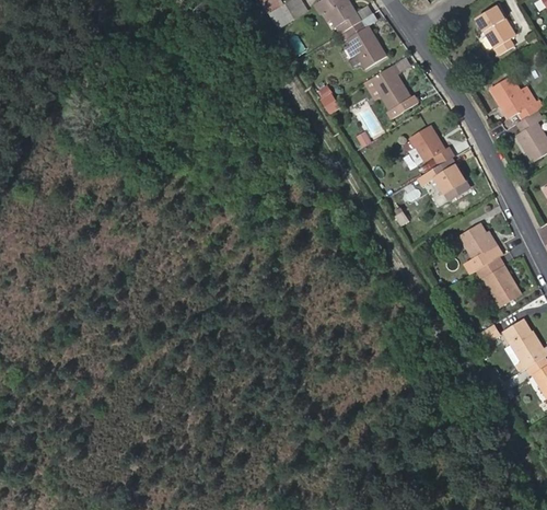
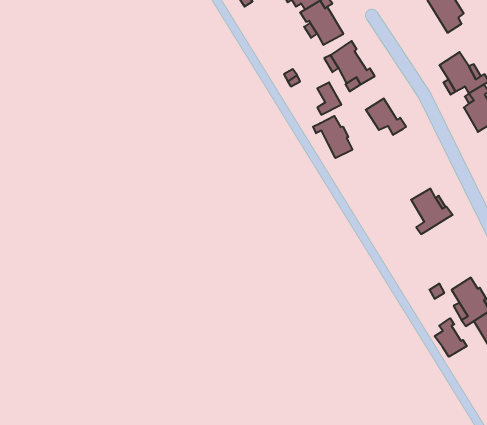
building: none -> [313,116,352,158]
building: [430,159,468,200] -> none
building: [475,255,520,305] -> none
building: none -> [435,318,467,357]

